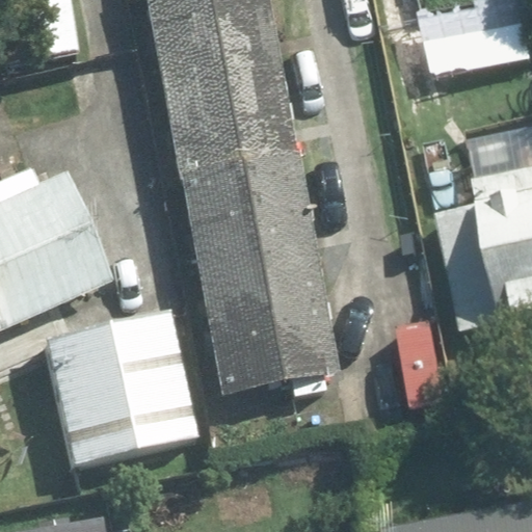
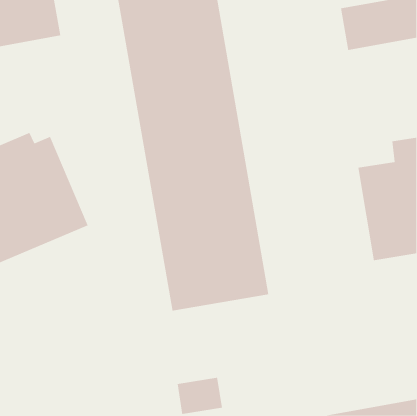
building: [42,312,200,466] -> none

